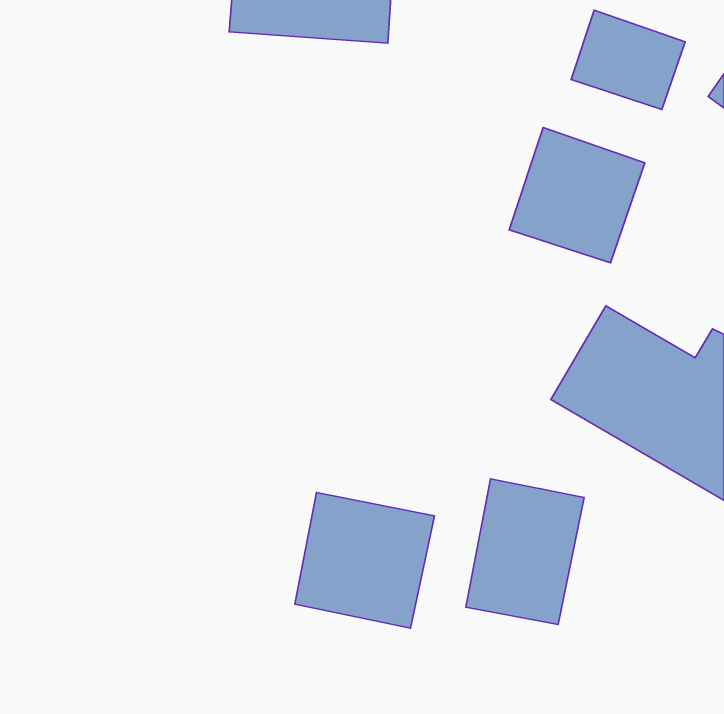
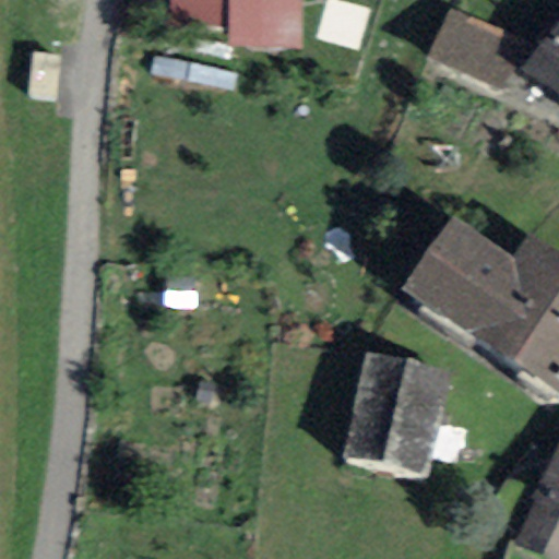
building: [509,128,645,263] -> none
building: [295,492,434,628] -> none

